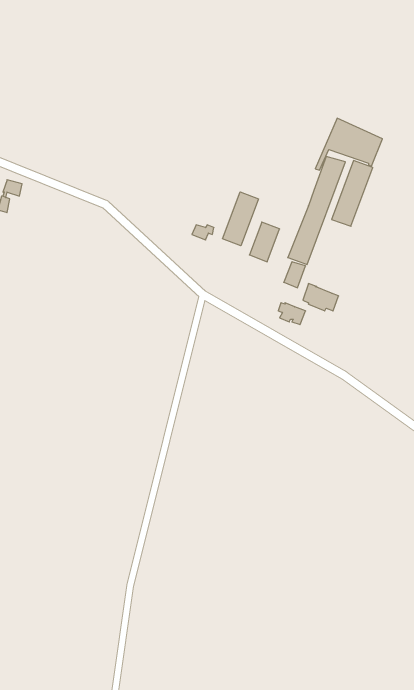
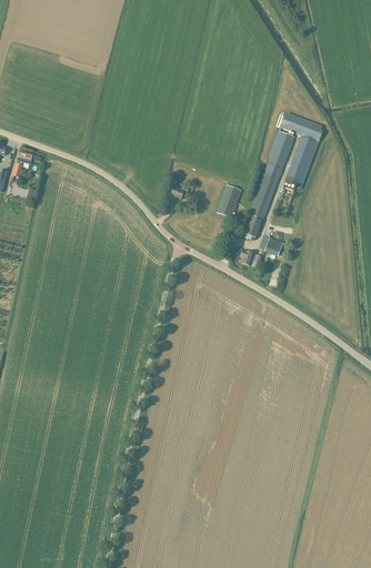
building: [223,192,258,246] -> none

